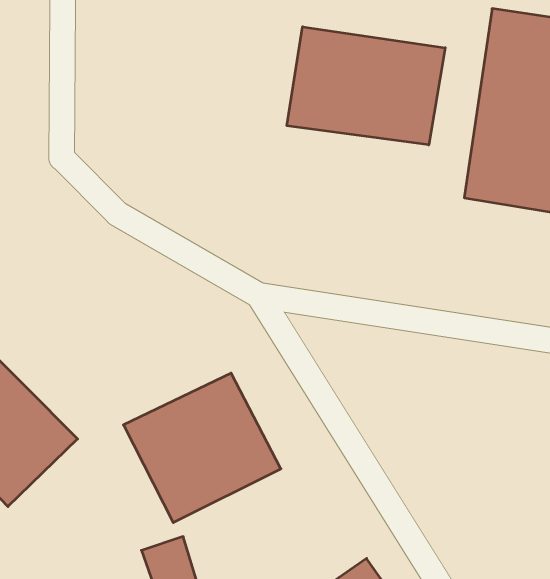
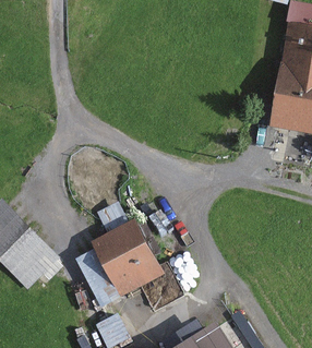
building: [287,27,445,145] -> none

